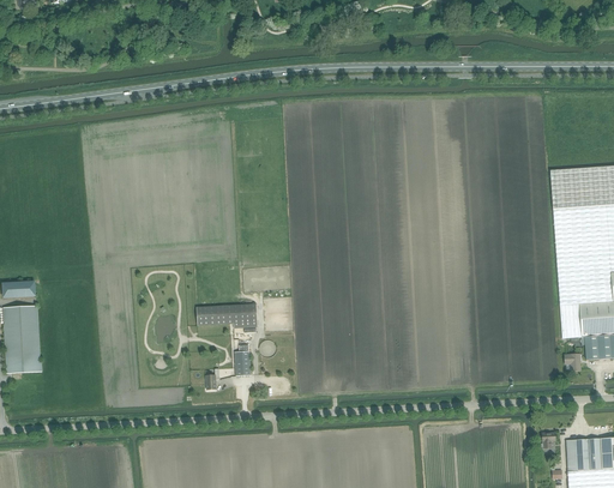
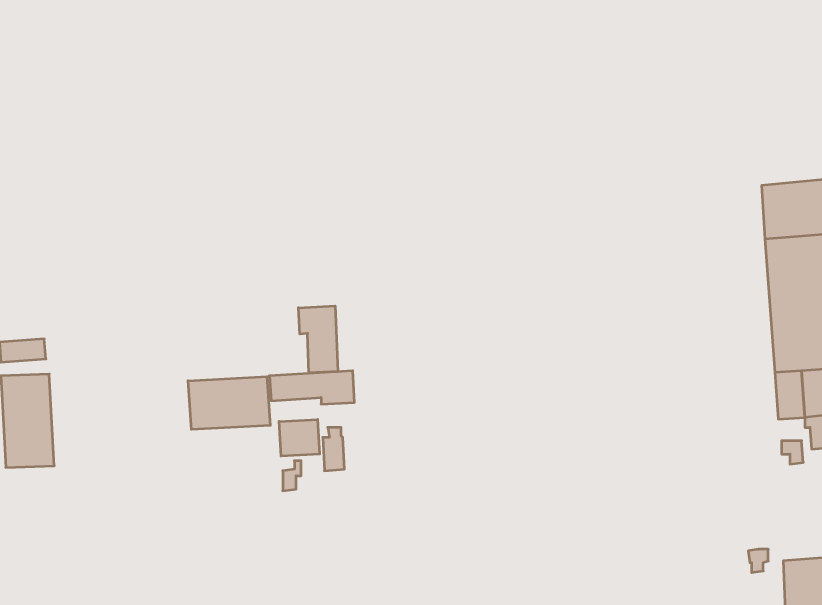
building: none -> [298,306,338,373]
building: none -> [188,377,270,429]
building: none -> [279,419,320,456]

